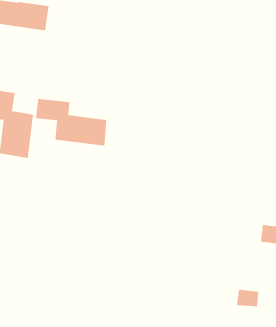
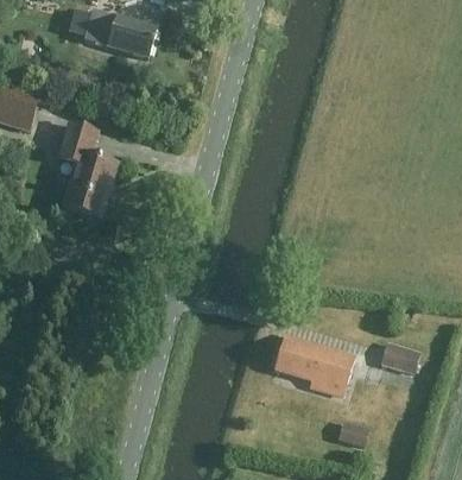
building: [36,98,107,147] -> none
building: none -> [276,336,354,396]

